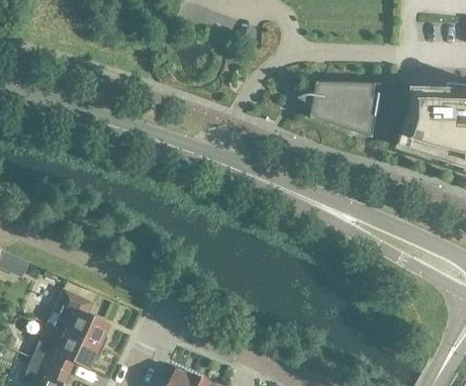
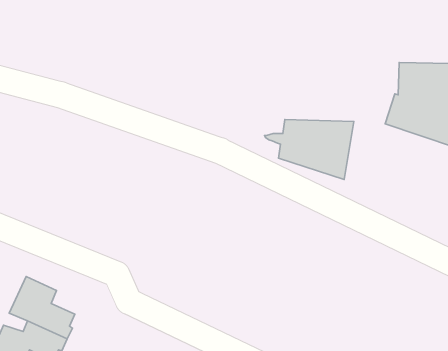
building: [299,82,383,138] -> [264,119,354,180]

